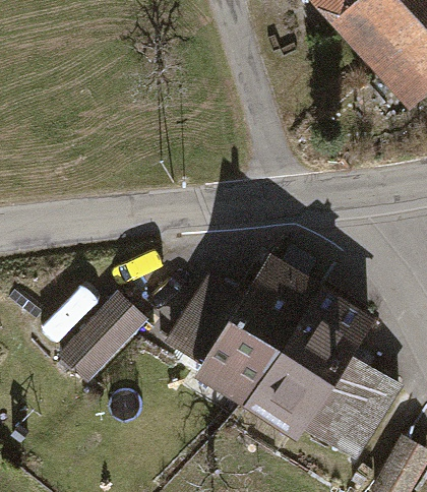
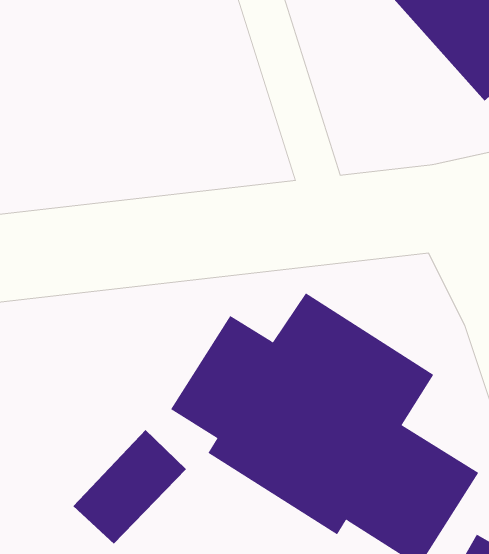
building: [59,292,146,380] -> [73,429,187,545]

